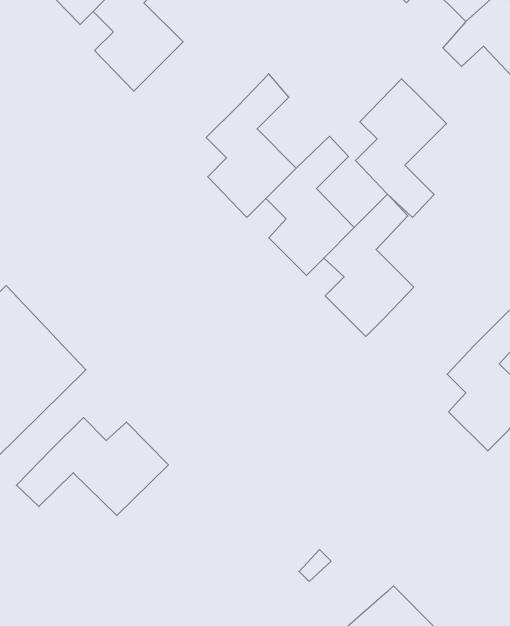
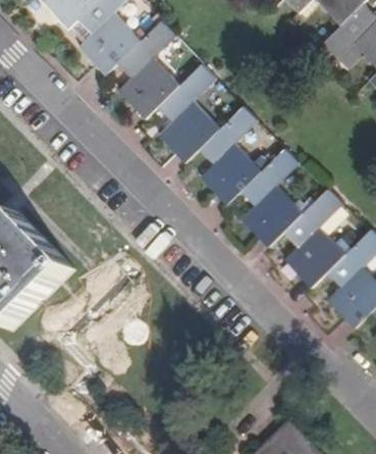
building: none -> [118,19,180,118]
building: [355,79,447,217] -> none
building: none -> [283,189,346,288]
building: [16,418,168,516] -> none

